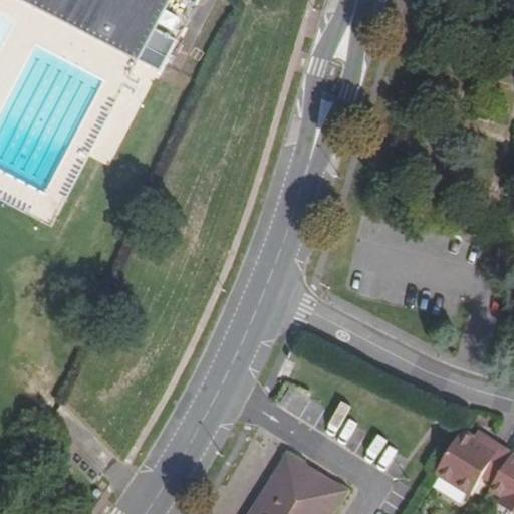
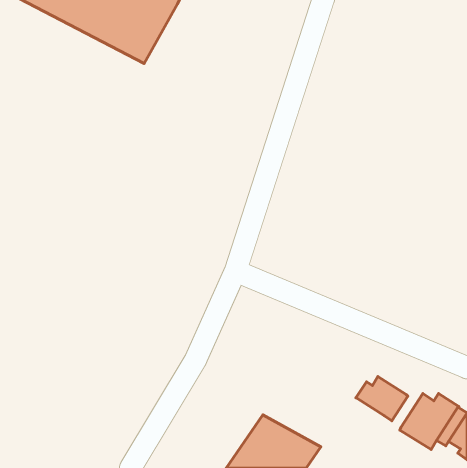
building: none -> [356,377,408,421]

